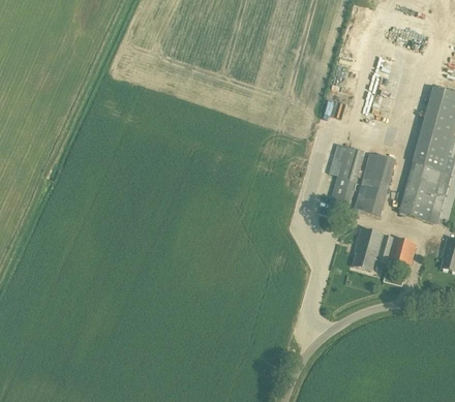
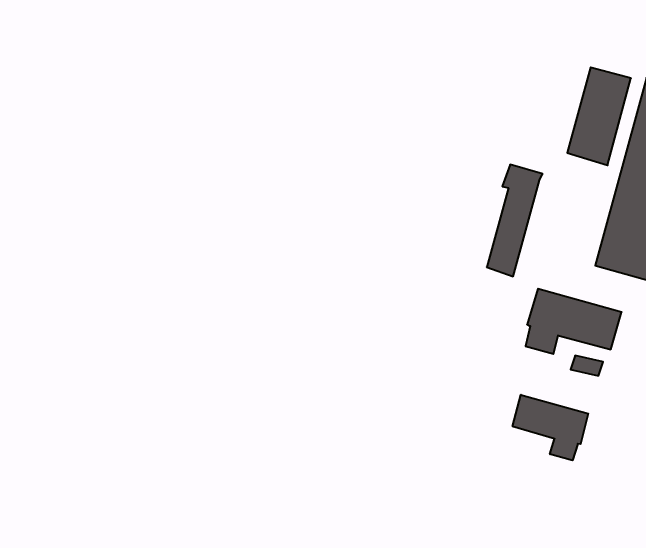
building: [354,151,396,216] -> [567,67,631,165]
building: none -> [513,395,588,460]

